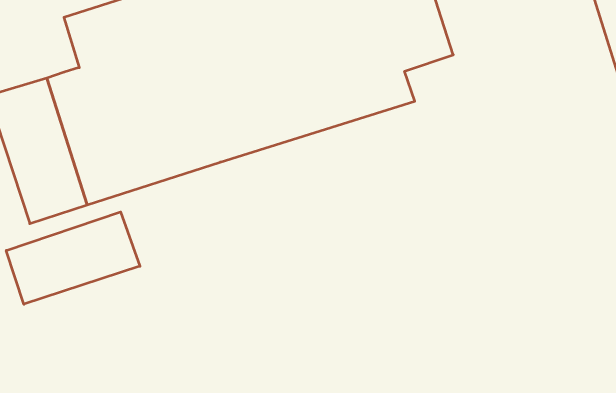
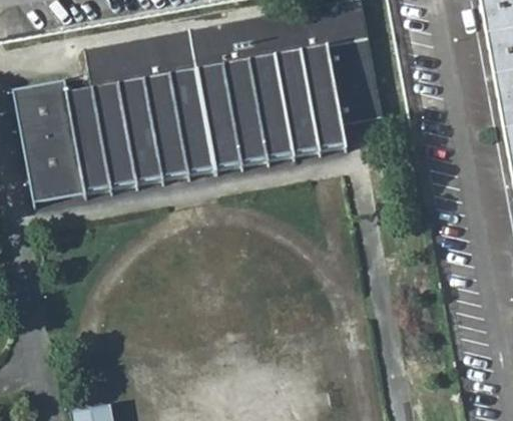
building: [6,212,140,304] -> none

